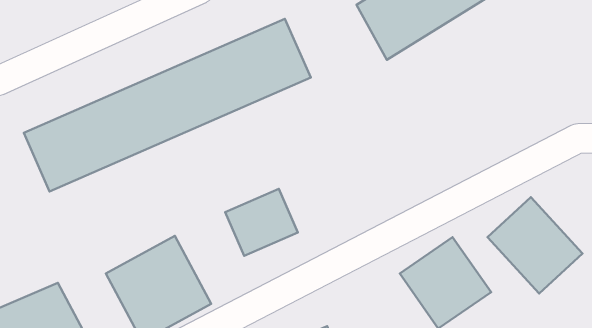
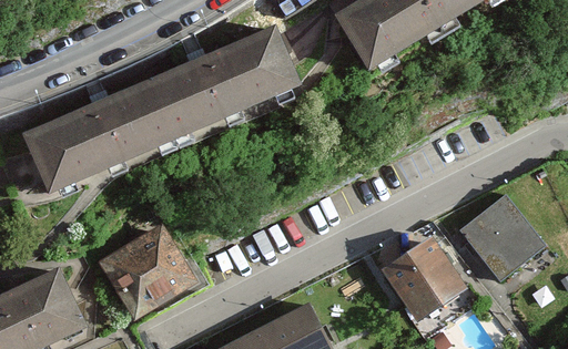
building: [225,189,298,256] -> none

